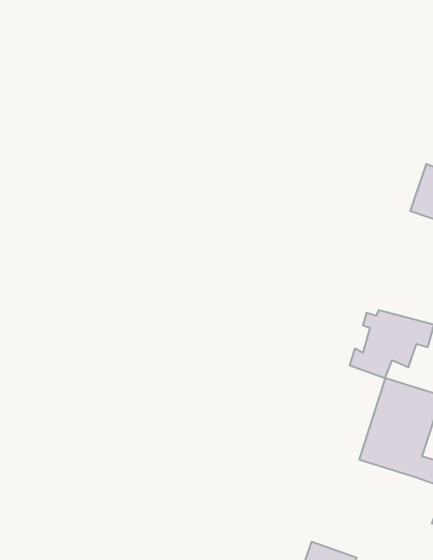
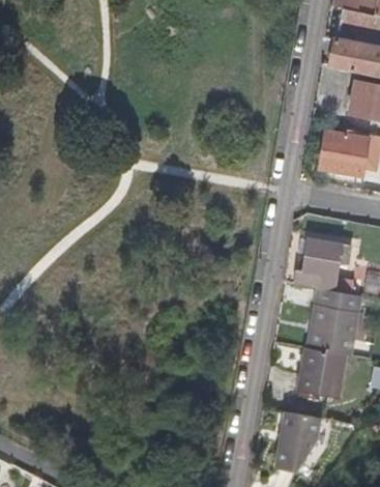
building: none -> [300,348,353,396]

